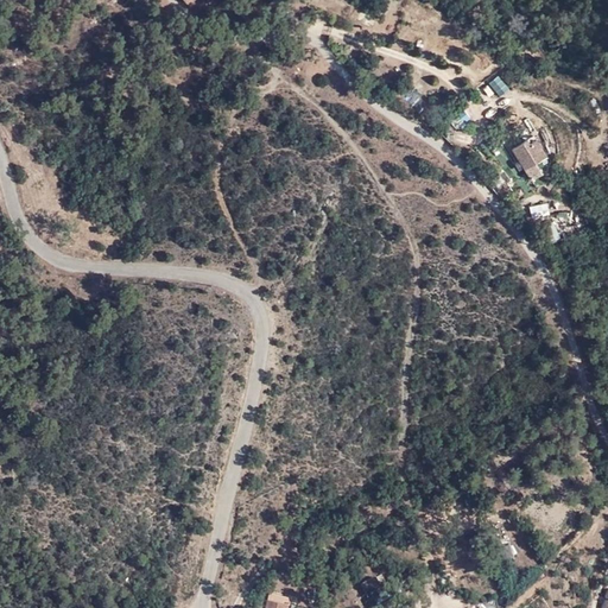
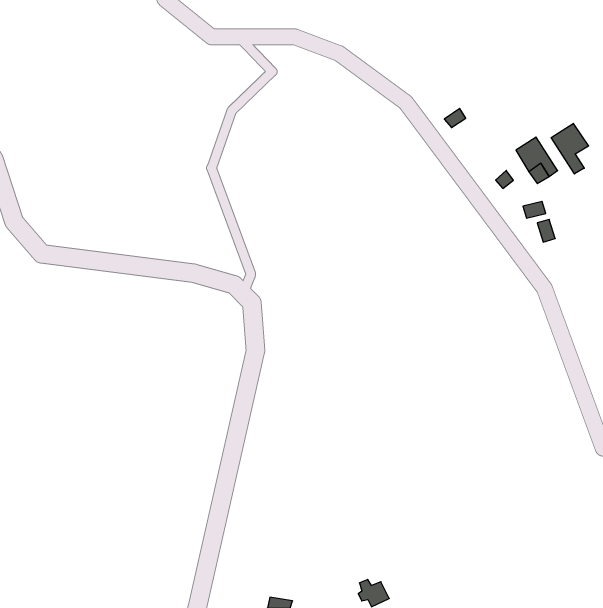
building: none -> [551,123,589,174]

